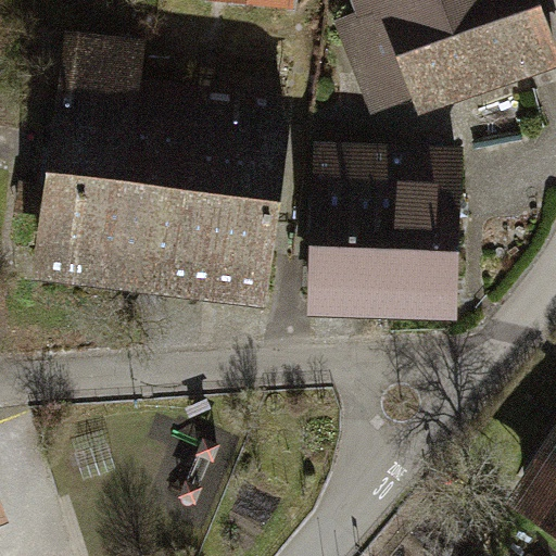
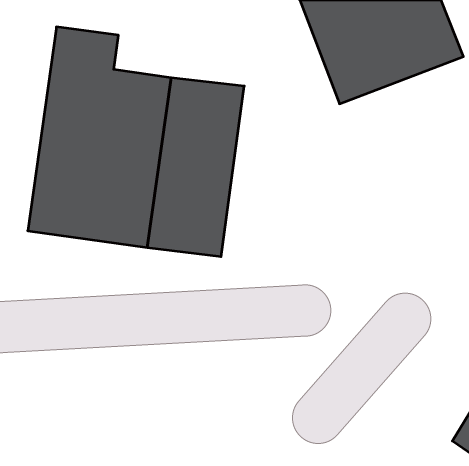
building: [317,156,455,318] -> none

